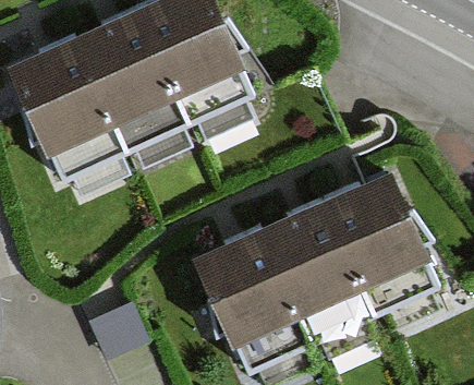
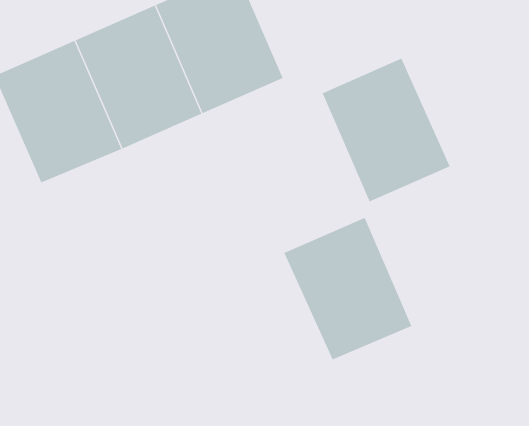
building: [325,171,432,291] -> [322,58,450,202]
building: [191,230,297,349] -> none

